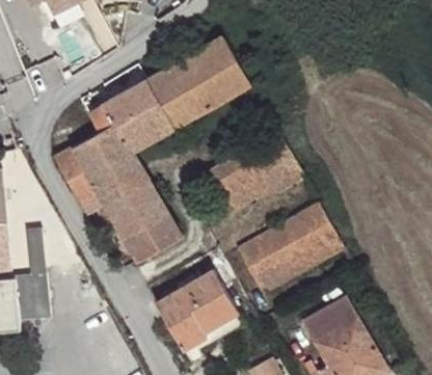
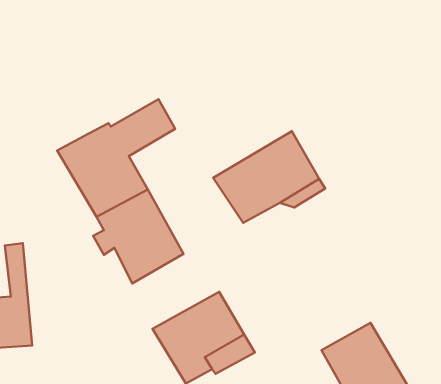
building: [87,36,251,132] -> none
building: [54,146,112,221] -> none
building: [237,203,344,294] -> none

